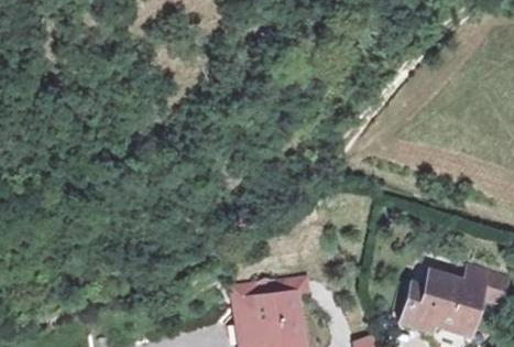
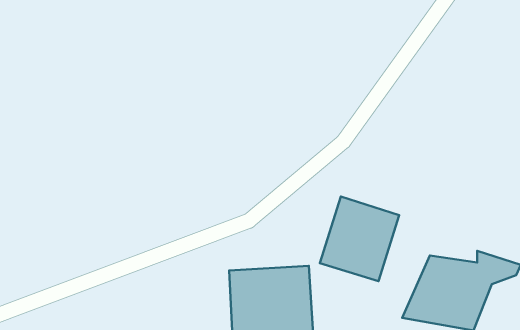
building: none -> [320,196,399,281]

